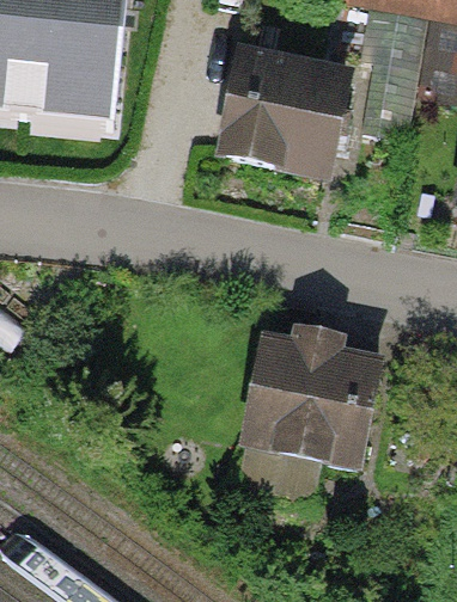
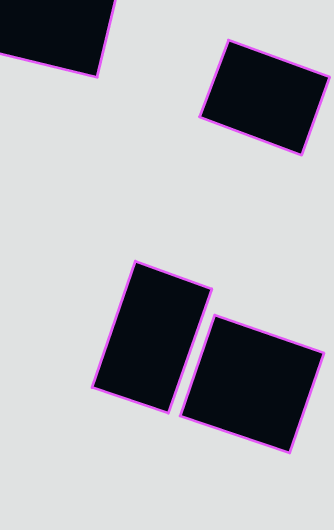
building: none -> [92,261,212,413]

